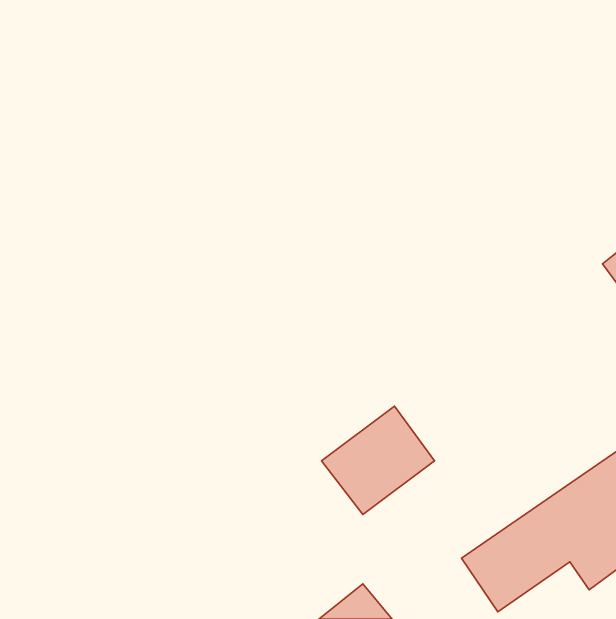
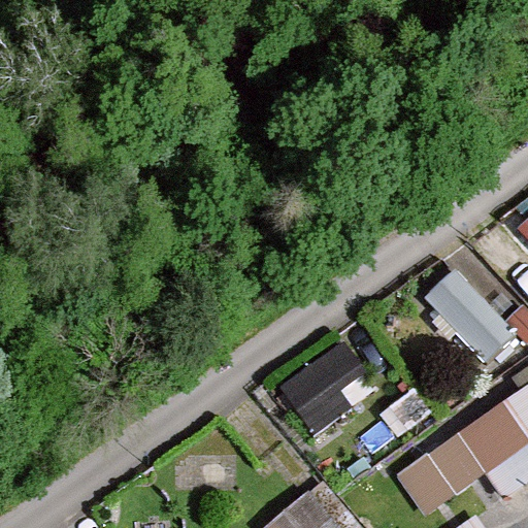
building: none -> [424,268,515,360]

